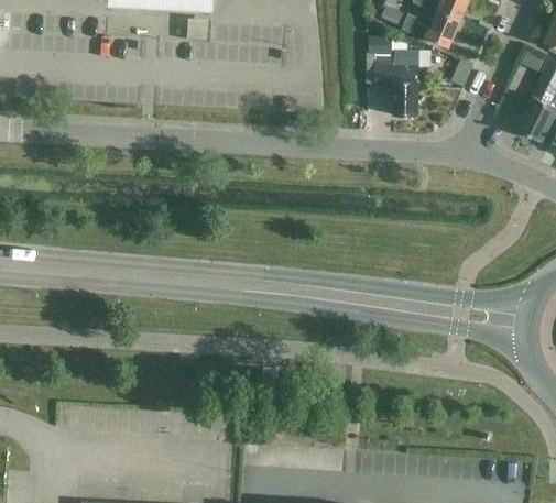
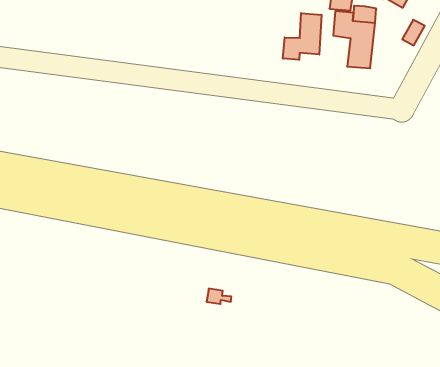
building: none -> [283,13,322,60]

